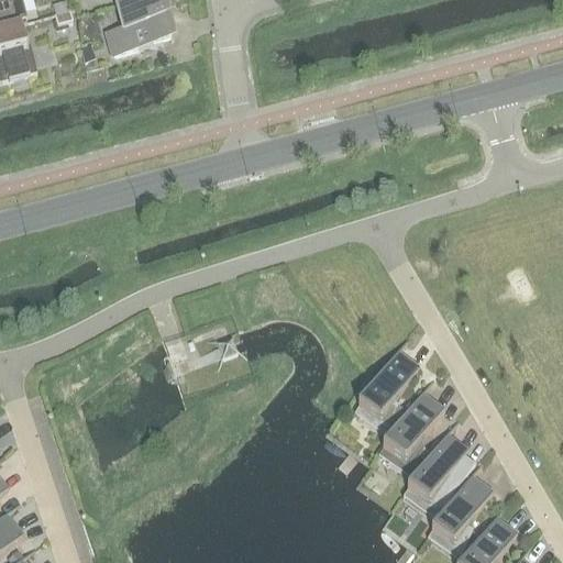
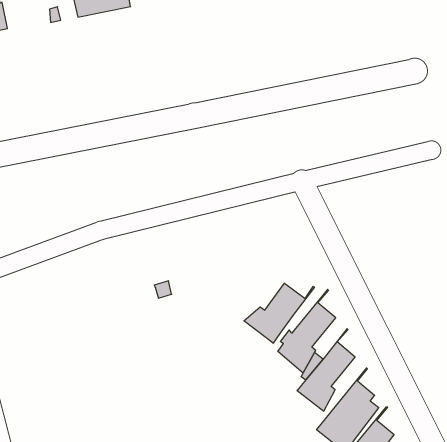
building: none -> [244,283,314,343]

